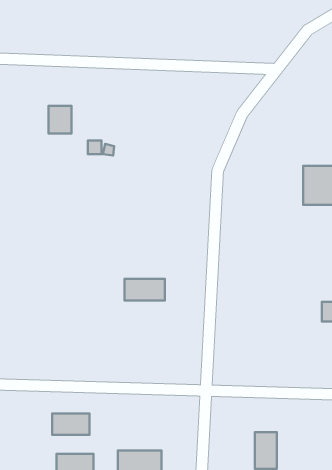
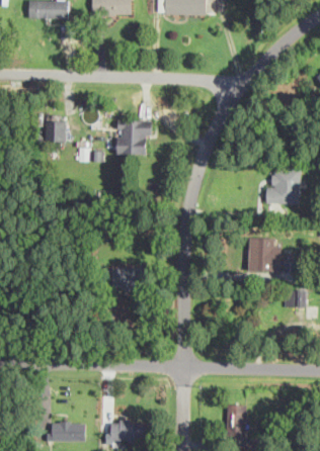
building: none -> [116,120,151,155]
building: none -> [248,240,279,273]
building: [52,413,89,435] -> none

